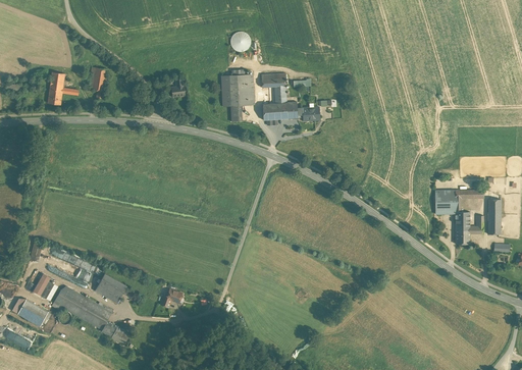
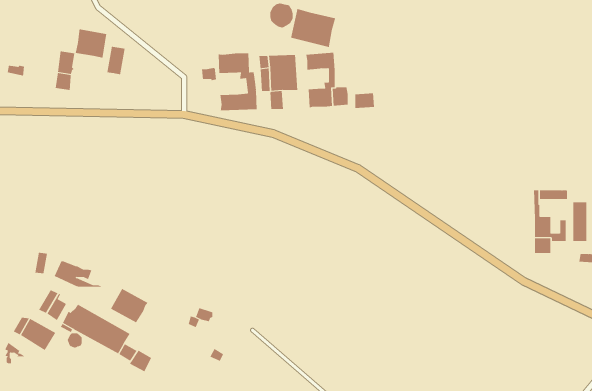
building: none -> [290,8,336,48]
building: none -> [75,28,107,59]
building: none -> [216,53,257,111]
building: [434,190,455,214] -> none

